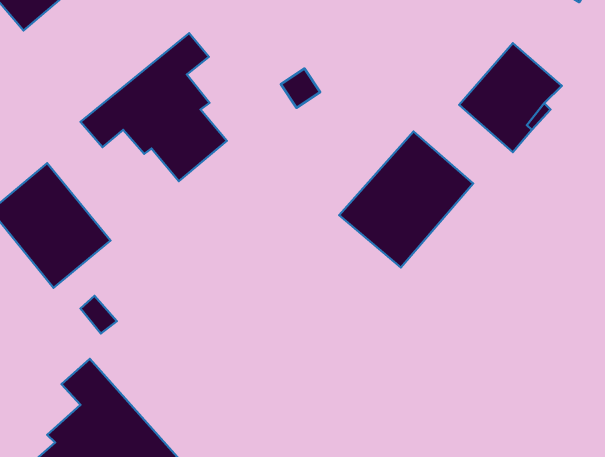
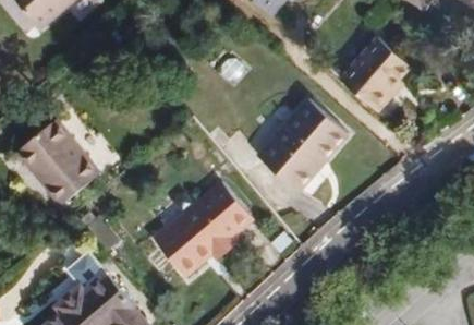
building: [81,33,227,181] -> none
building: none -> [153,181,254,277]

